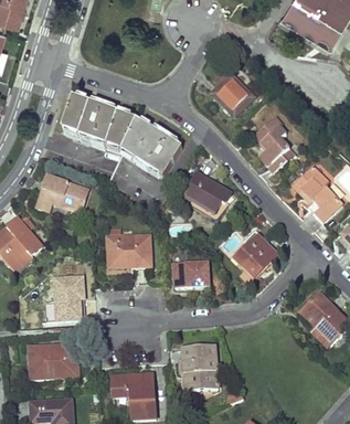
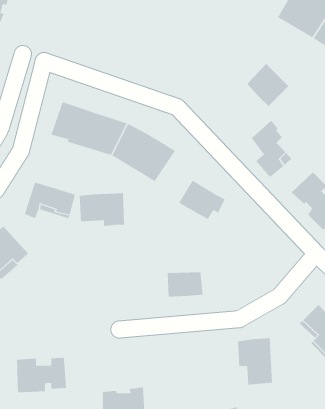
building: [213,74,254,116] -> [247,63,289,107]
building: [236,230,277,276] -> none
building: [107,235,151,267] -> [79,193,125,226]
building: [55,277,84,319] -> none
building: [183,344,218,390] -> [237,338,273,385]

